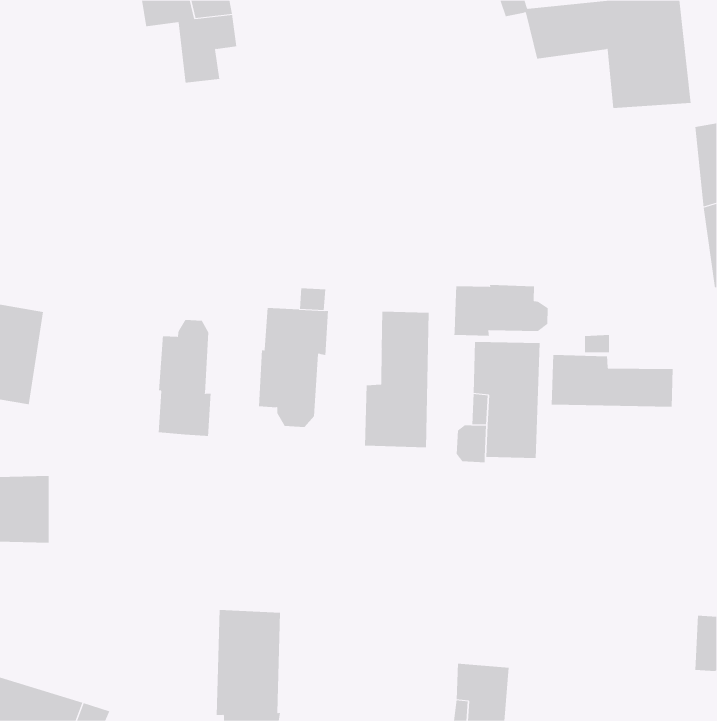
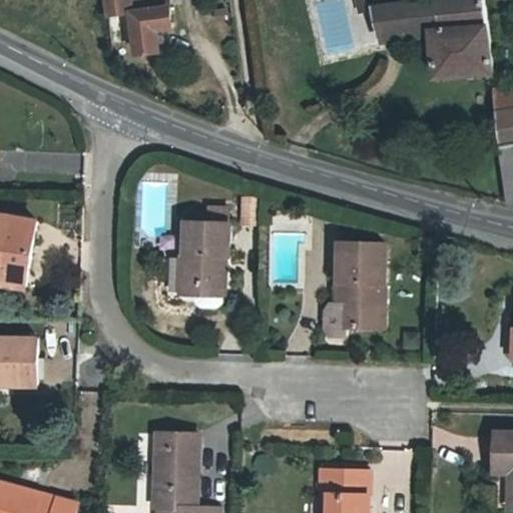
building: [454,284,548,336] -> none
building: [365,311,429,448] -> none
building: [158,319,211,437] -> none
building: [551,354,673,407] -> none

